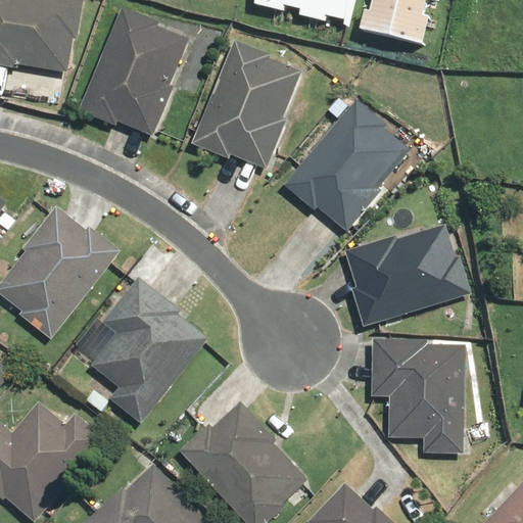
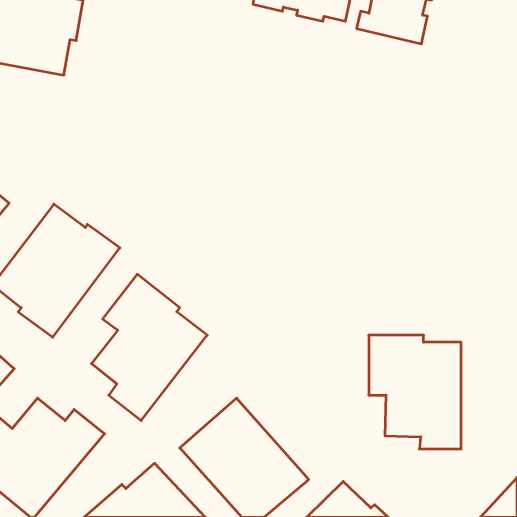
building: [80,5,191,135] -> none
building: [192,38,304,168] -> none
building: [284,99,411,229] -> none
building: [344,223,471,327] -> none

